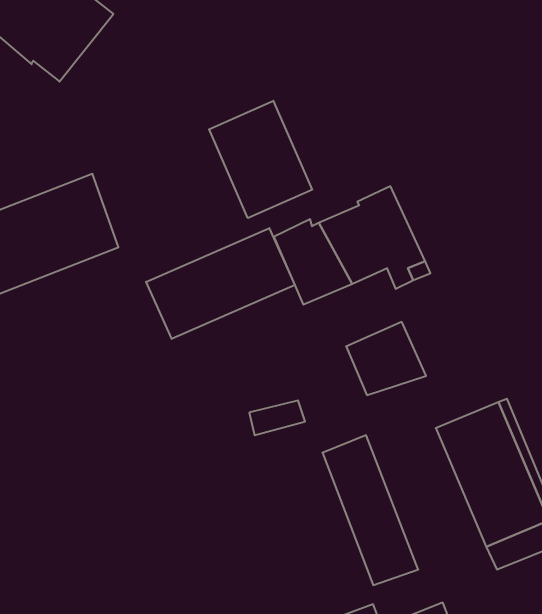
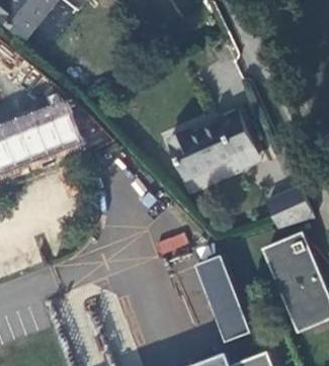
building: [209,101,312,218] -> none
building: [146,228,295,339] -> none
building: [346,322,426,395] -> [266,185,313,227]

